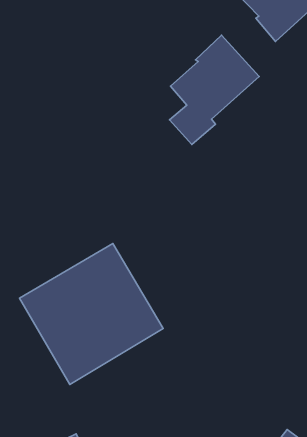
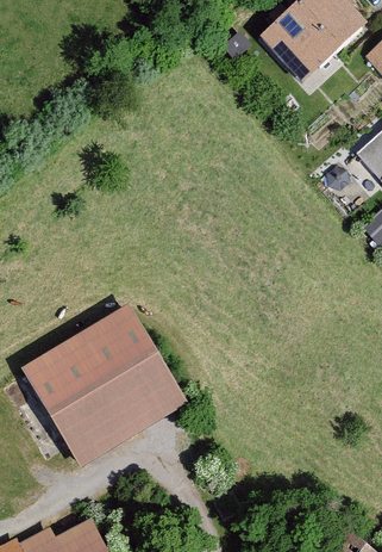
building: [170,35,259,145] -> none

